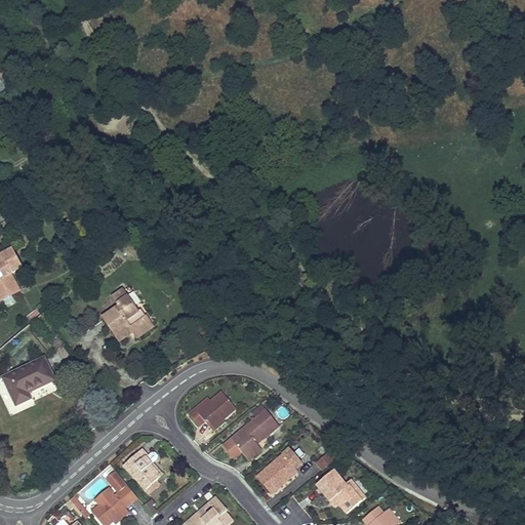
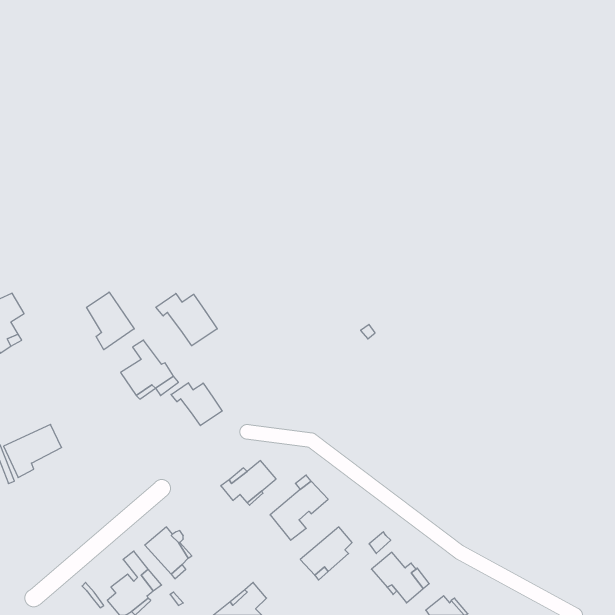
building: none -> [87,292,134,350]
building: none -> [156,293,217,346]
building: none -> [171,383,222,426]

